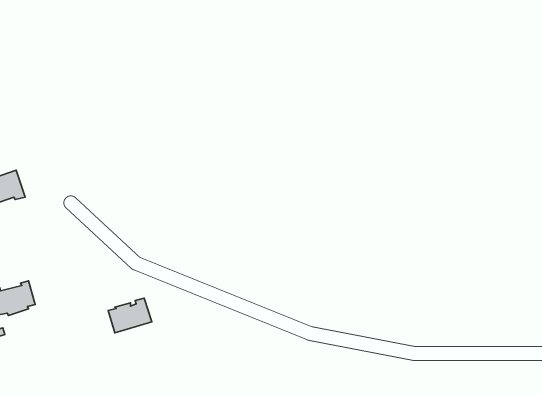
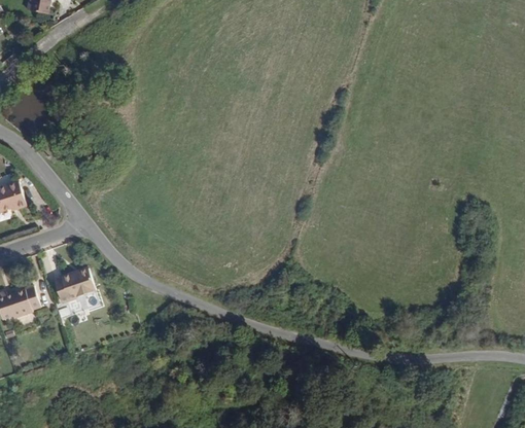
building: [108,298,152,333] -> [56,273,96,305]

